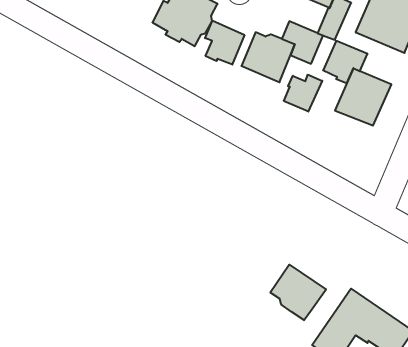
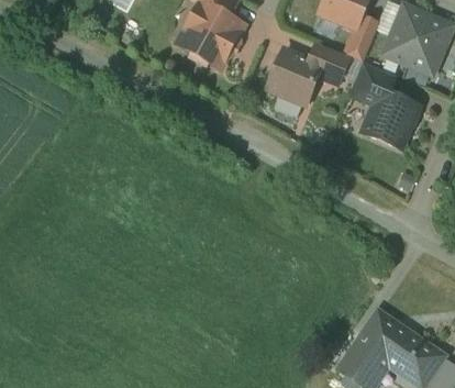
building: [205,21,244,65] -> none
building: [284,75,322,112] -> none
building: [270,265,326,320] -> none

